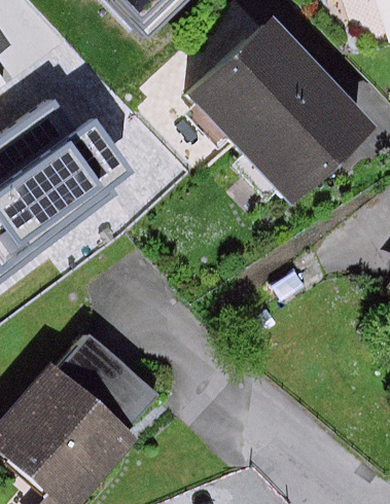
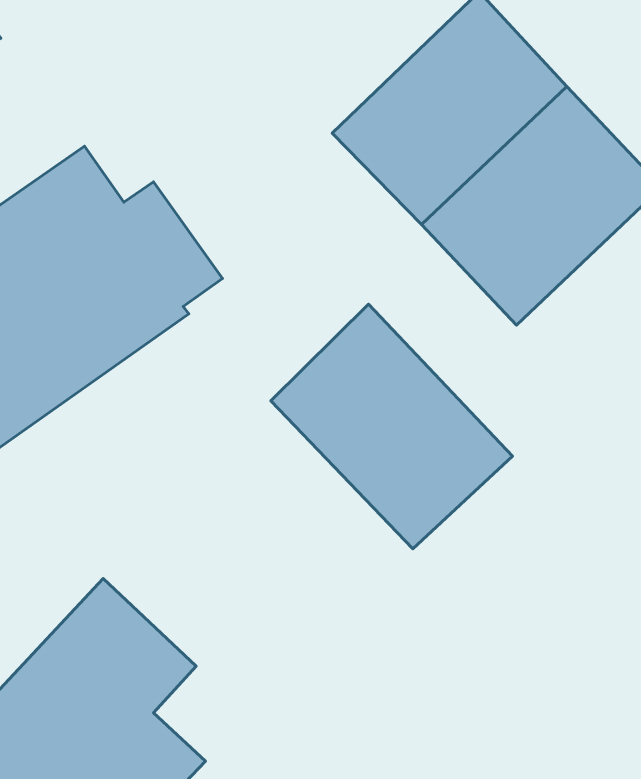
building: none -> [271,304,512,549]

